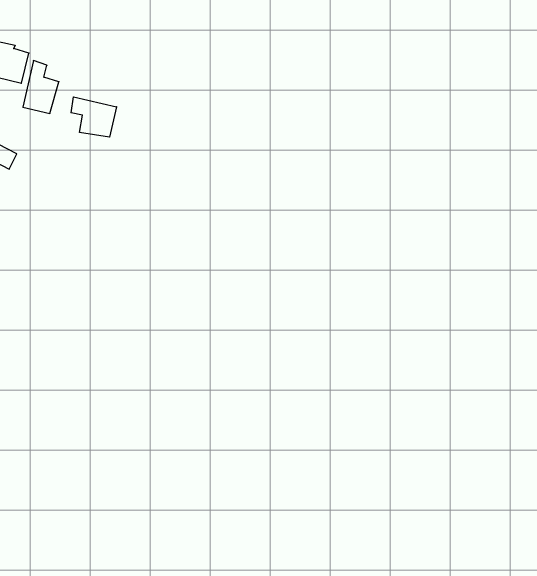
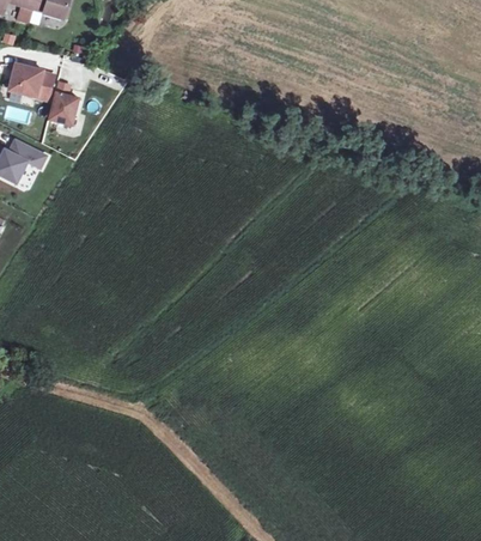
building: [71,97,117,137] -> none

